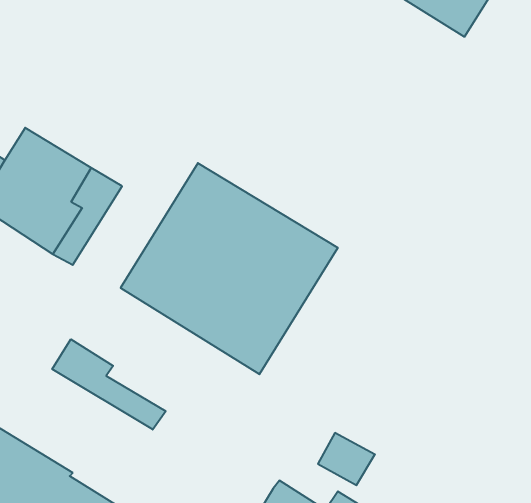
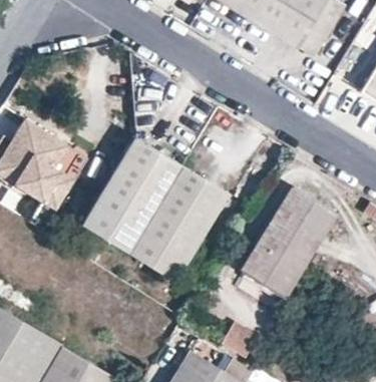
building: none -> [241,182,334,291]
building: [52,339,166,430] -> none

